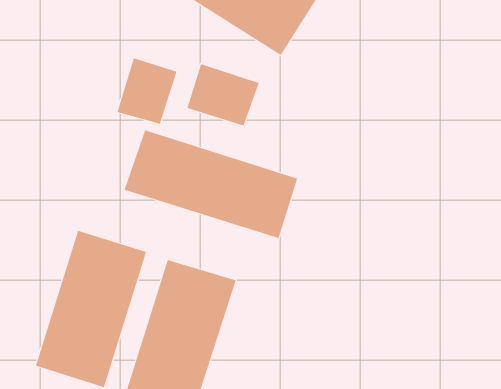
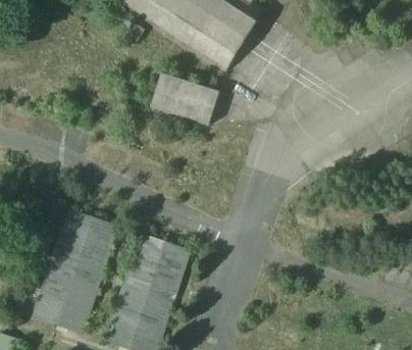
building: [117,58,177,125] -> none
building: [124,129,298,239] -> none

